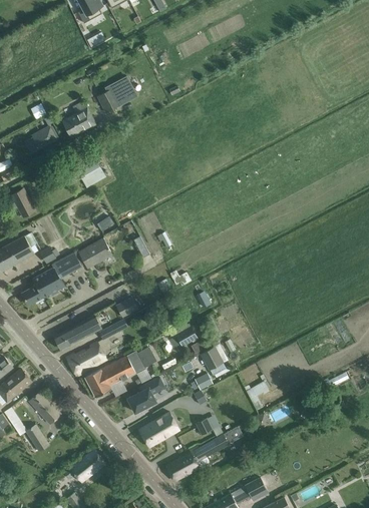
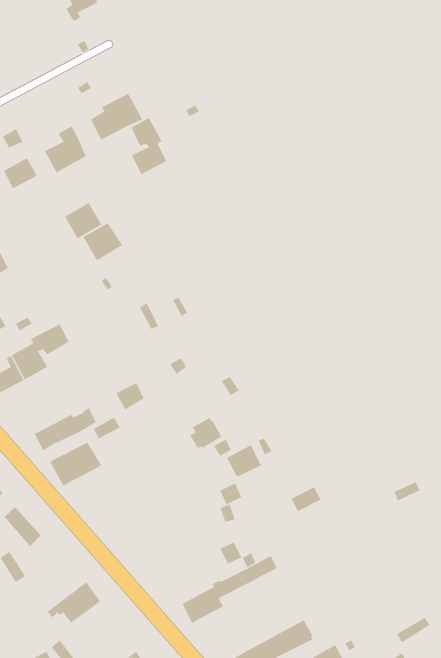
building: none -> [131,117,167,175]
building: none -> [83,223,123,261]
building: [79,238,112,269] -> none
building: [85,348,154,398] -> none
building: [127,378,164,413] -> none
building: [138,412,179,448] -> none

